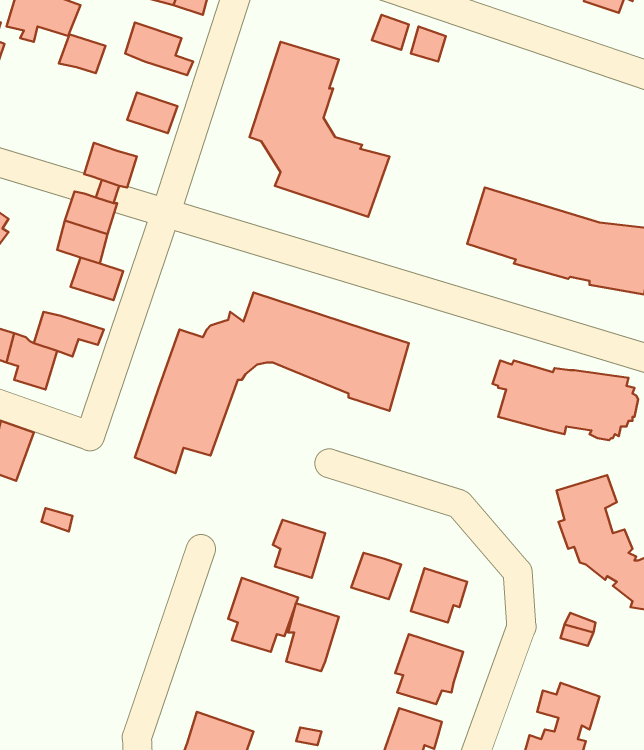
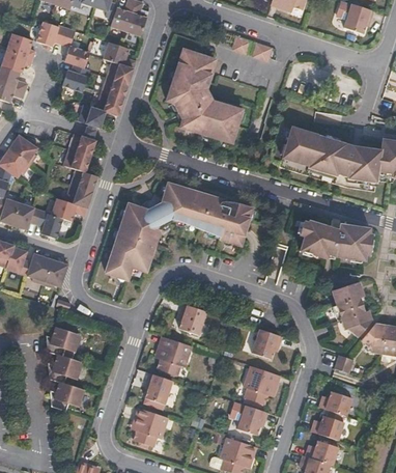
building: none -> [106,60,133,84]
building: none -> [61,63,90,91]
building: none -> [95,91,122,115]
building: none -> [65,180,93,203]
building: none -> [41,258,67,288]
building: [351,553,401,599] -> none
building: none -> [46,327,84,412]
building: [286,603,339,671] -> [144,373,172,410]

